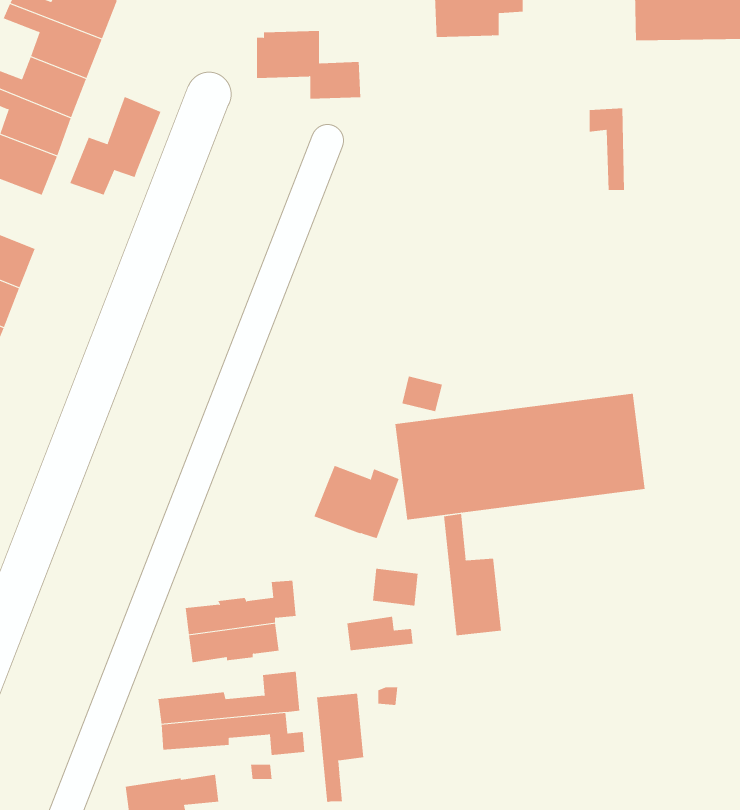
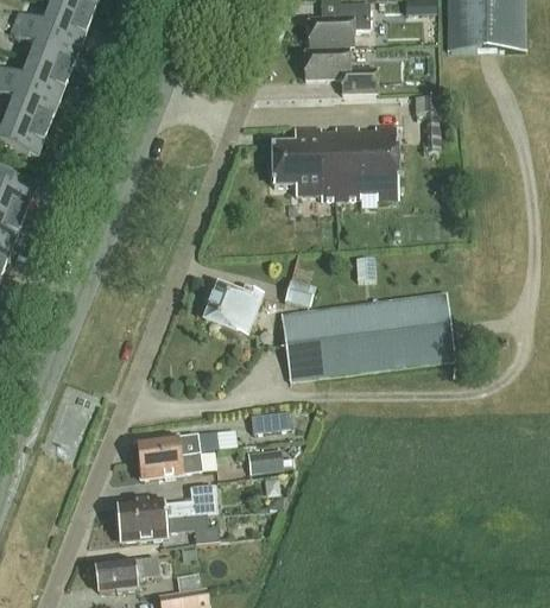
building: [256,30,361,99] -> [304,45,377,93]
building: [70,96,161,196] -> none
building: none -> [272,125,398,198]
building: [313,465,399,539] -> [203,283,263,334]
building: [443,513,502,636] -> none
building: [317,693,364,803] -> none

